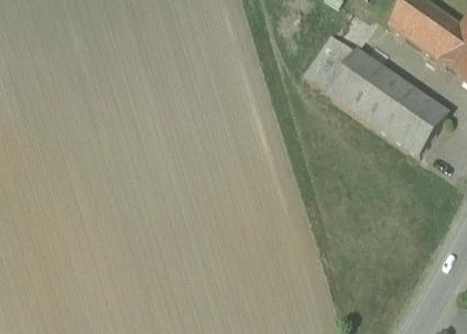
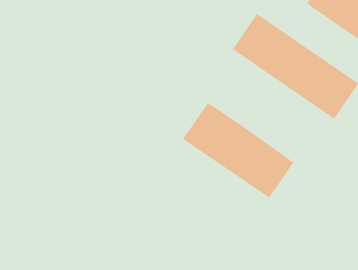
building: none -> [182,102,294,199]

